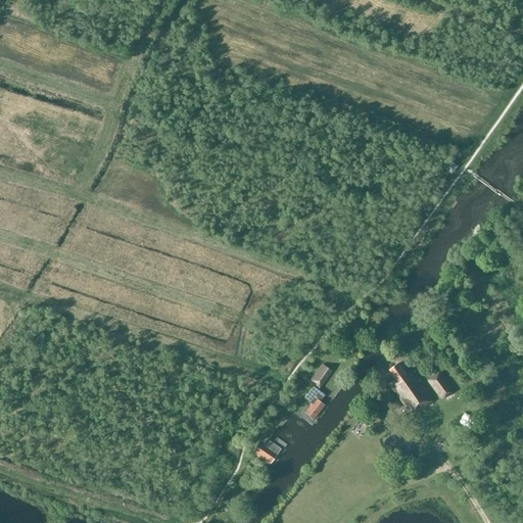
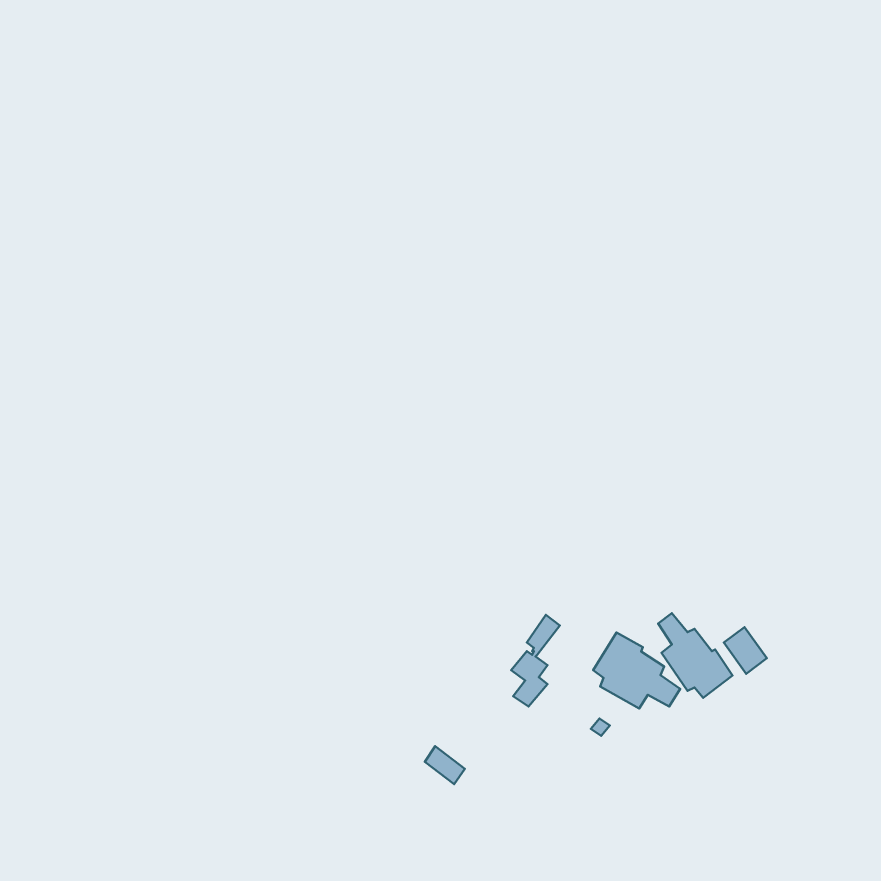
building: none -> [593,633,680,708]

